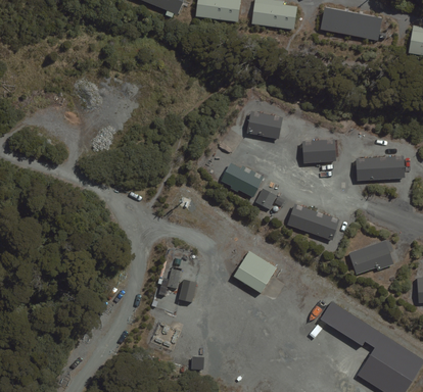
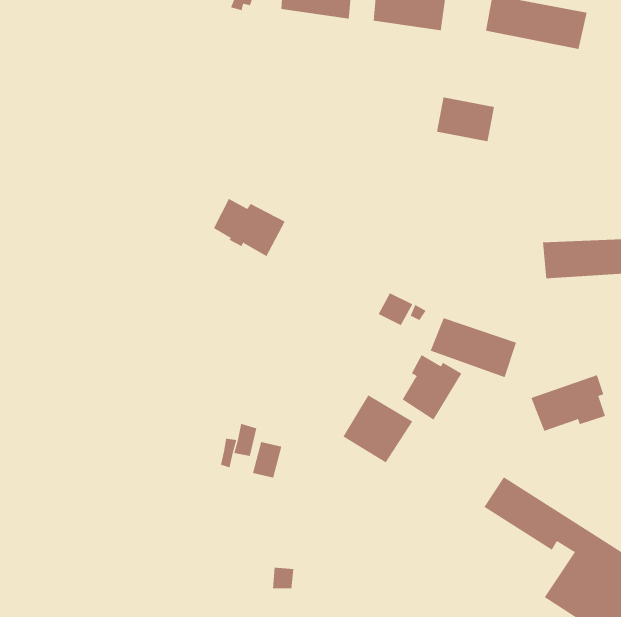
building: [247,110,283,138] -> [436,97,495,142]
building: [302,138,336,162] -> none
building: [221,161,265,197] -> [213,198,285,257]
building: none -> [402,354,462,421]

